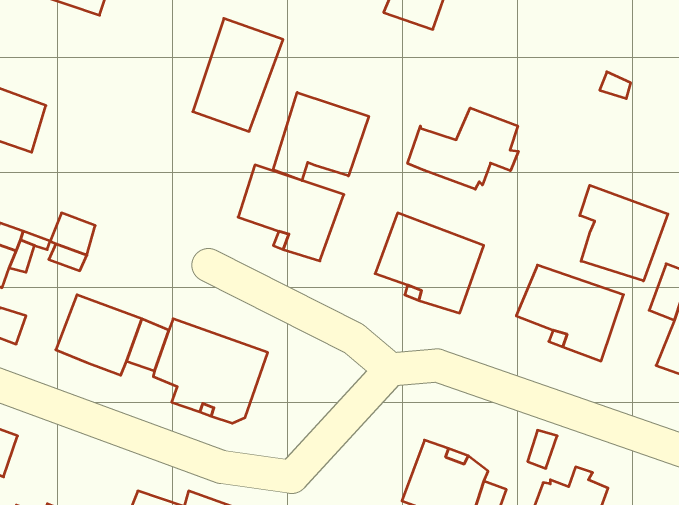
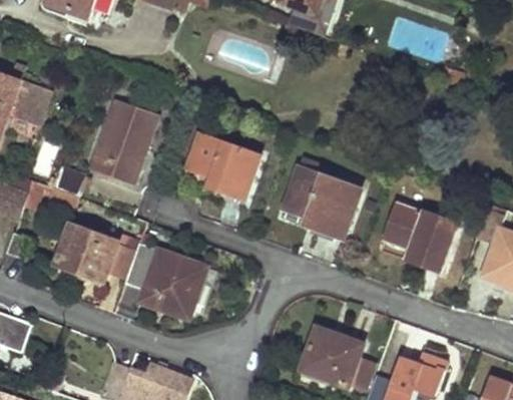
building: [193,18,283,131] -> [92,101,156,181]
building: [273,92,369,181] -> none
building: [408,108,518,189] -> none
building: [580,185,668,281] -> none

